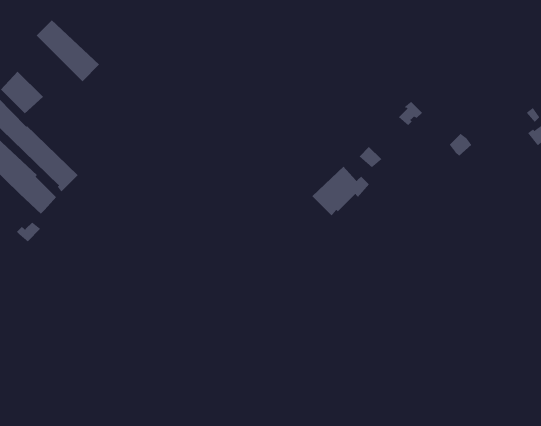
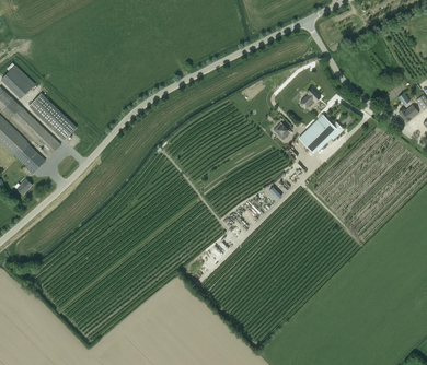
building: [36,20,100,82] -> [30,94,78,141]
building: [312,166,370,217] -> [299,115,343,153]

